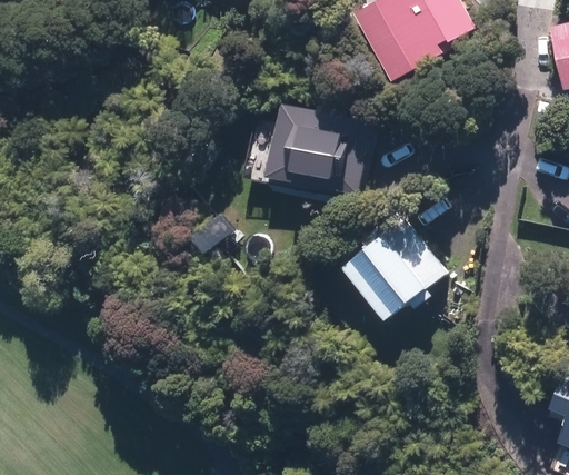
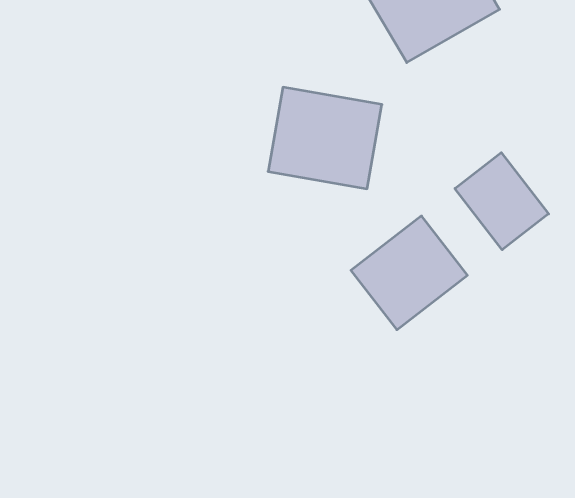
building: none -> [455,153,549,250]

